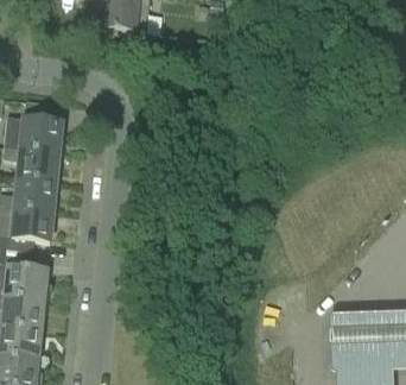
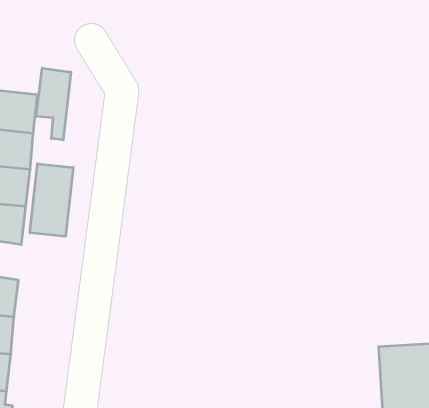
building: none -> [36,68,71,140]
building: none -> [30,164,73,236]

